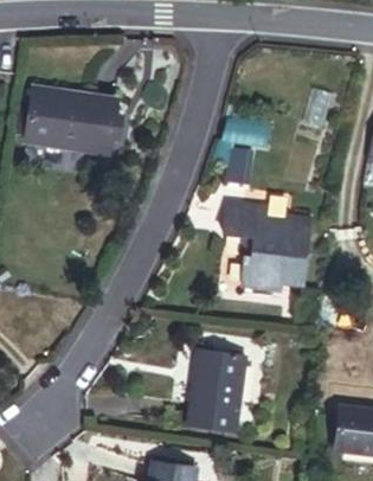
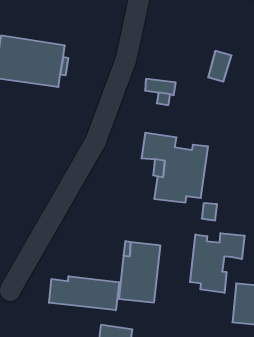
building: none -> [190,233,245,293]
building: none -> [49,276,119,310]

